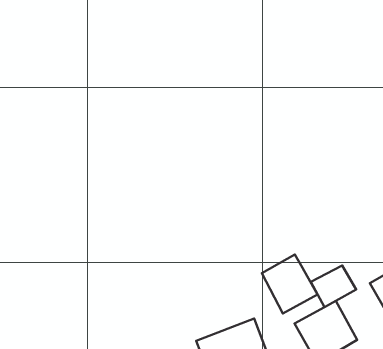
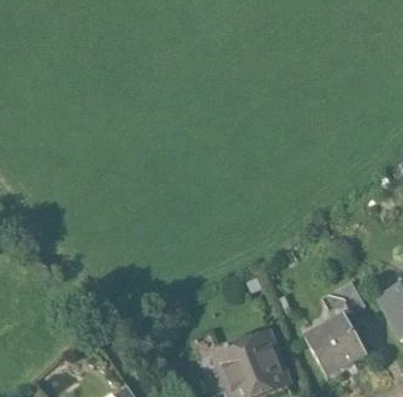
building: [262,254,318,313] -> none

